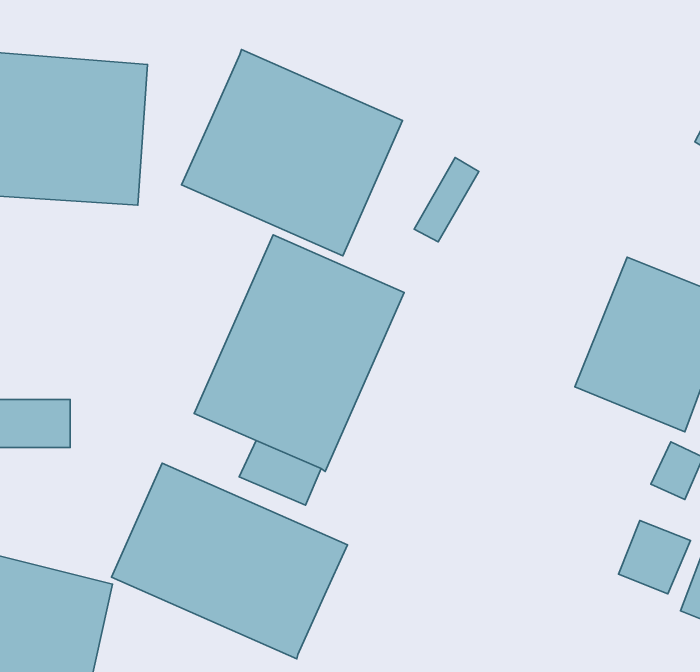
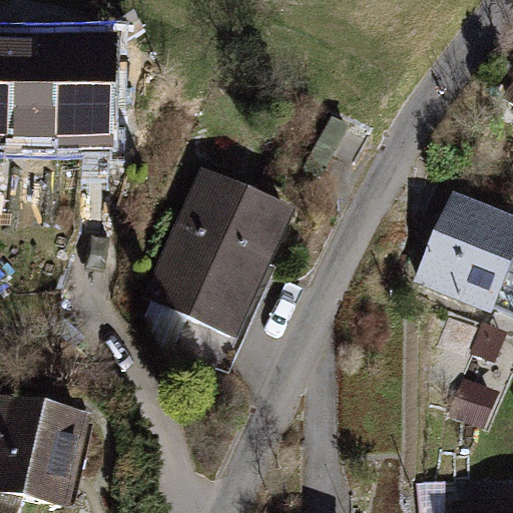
building: [182,50,403,256] -> none
building: [112,463,347,659] -> none

